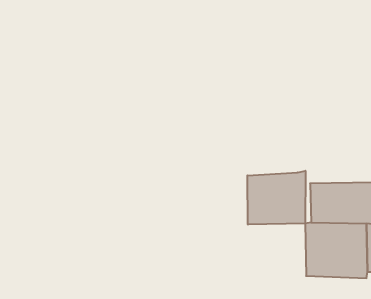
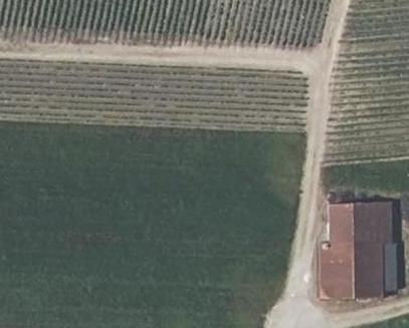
building: [247,171,305,225] -> none

